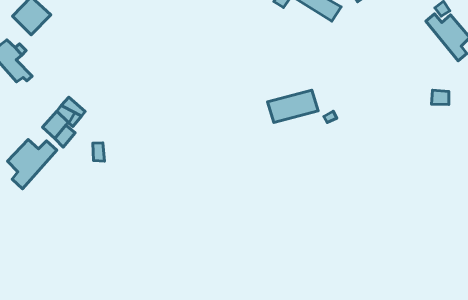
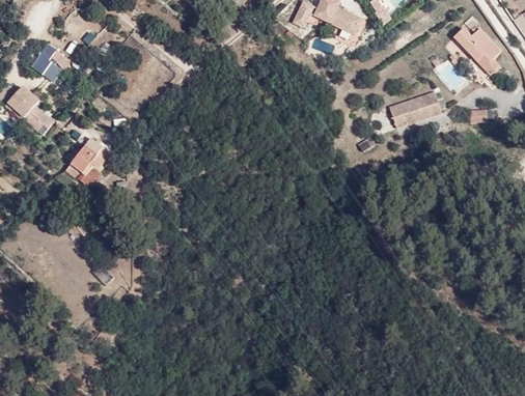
building: [267,90,318,123] -> [386,90,439,126]
building: [7,139,57,189] -> none

